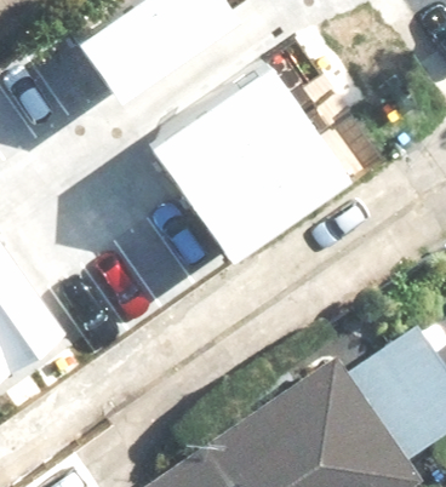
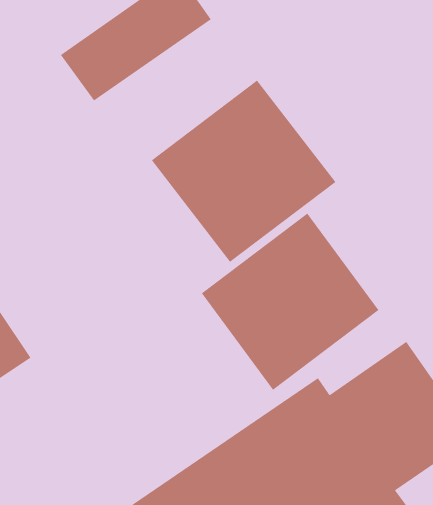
building: none -> [201,212,380,391]

